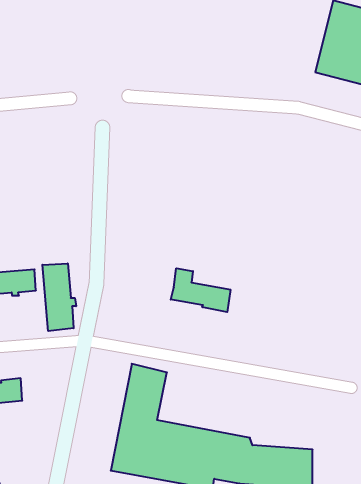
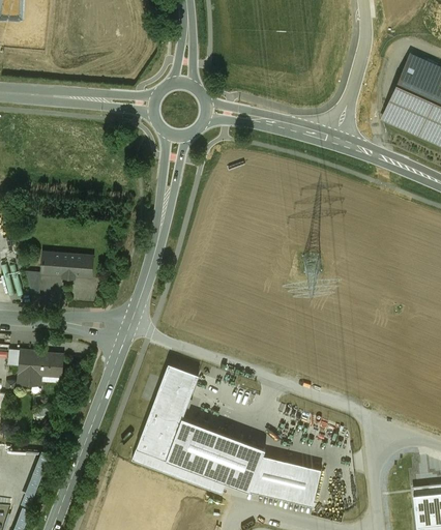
building: [42,263,76,331] -> none
building: [171,268,230,312] -> none

